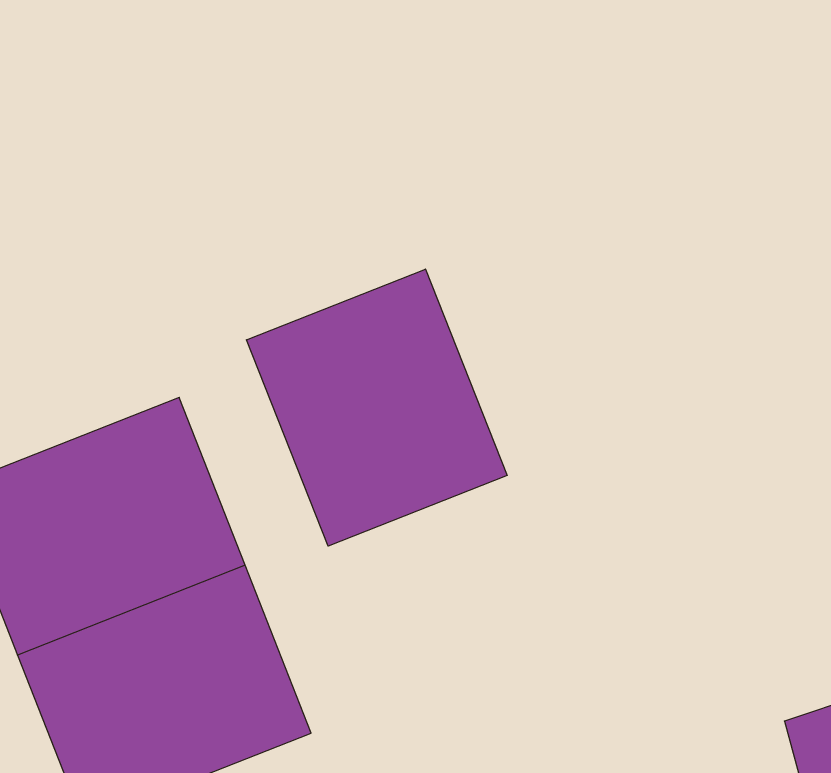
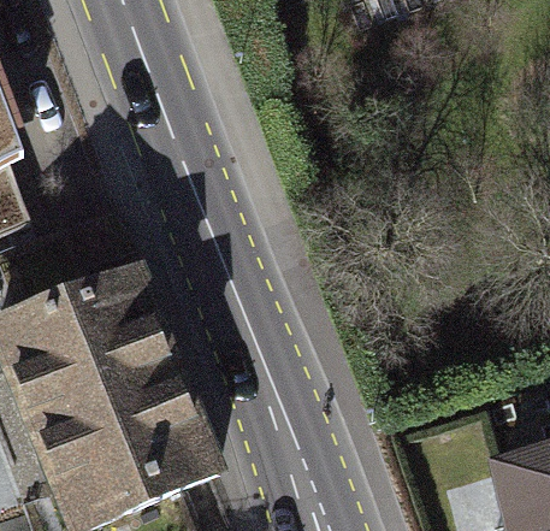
building: [246,269,507,546] -> none

